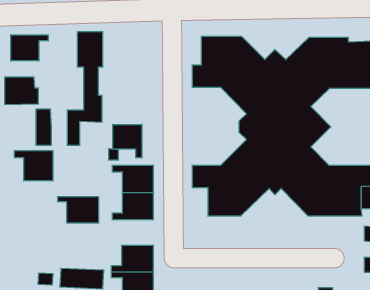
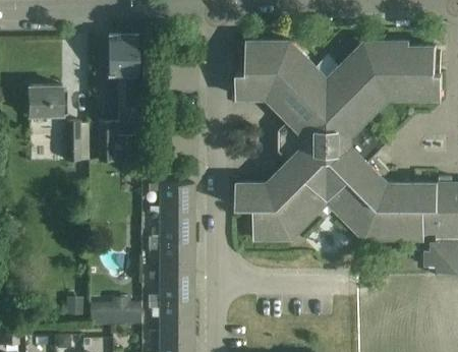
building: [11,35,48,61] -> none
building: [113,124,142,158] -> none
building: [15,151,53,181] -> none
building: [57,197,99,223] -> [149,244,194,273]

